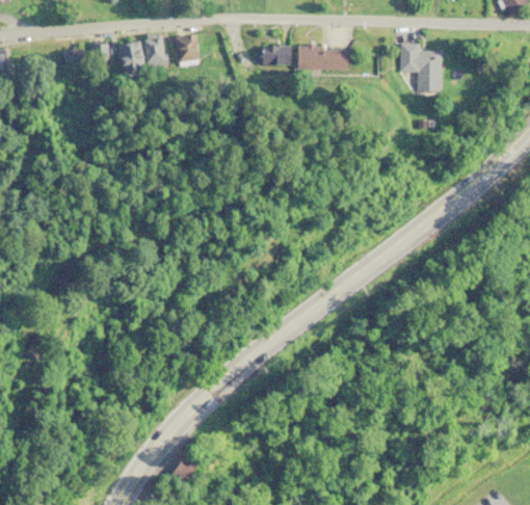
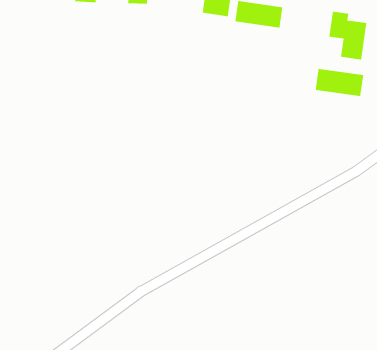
building: none -> [315,68,364,97]

